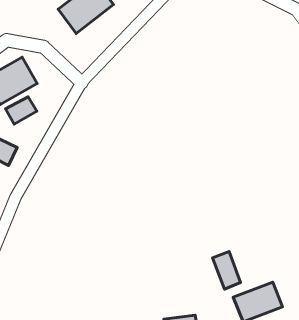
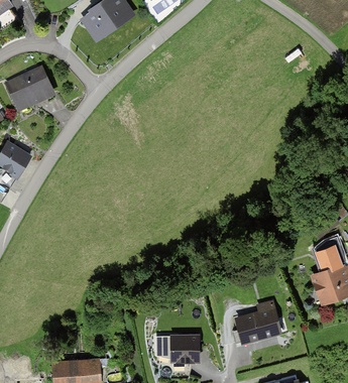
building: [5,97,37,124] -> none
building: [212,252,240,289] -> none

